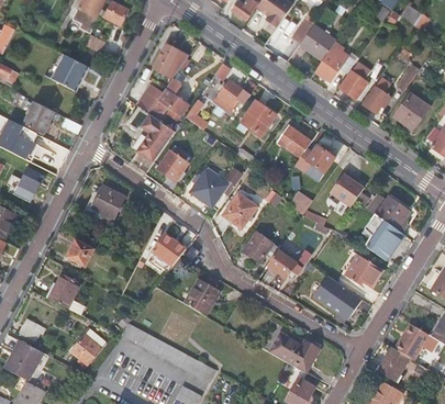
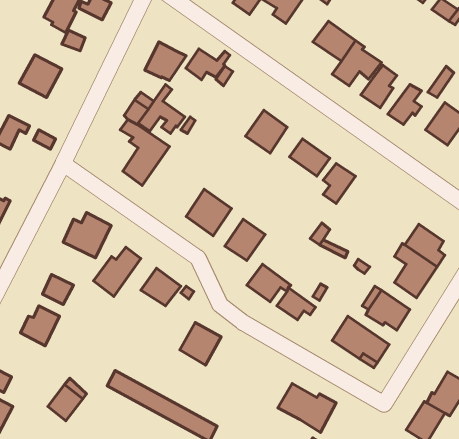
building: [219,80,256,106] -> [186,49,230,80]
building: [158,150,191,182] -> none
building: [327,169,365,206] -> none
building: none -> [94,247,141,296]

